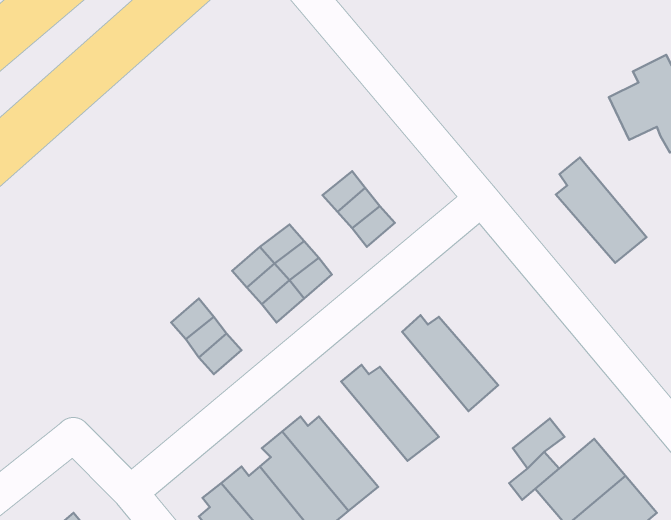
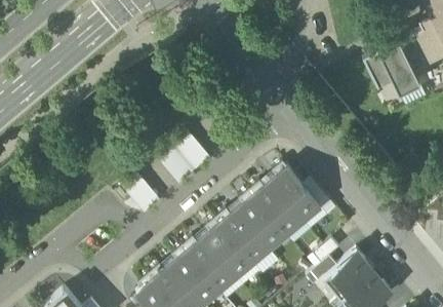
building: [556,158,646,263] -> [272,163,322,222]
building: none -> [239,192,288,251]
building: none -> [205,220,254,278]

